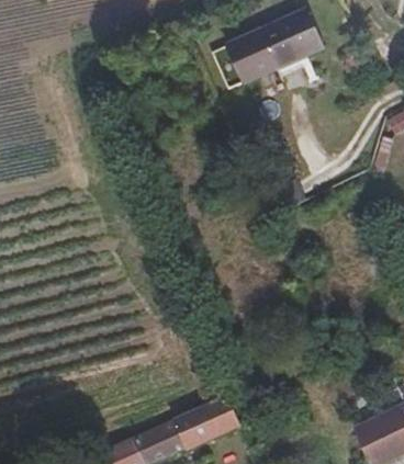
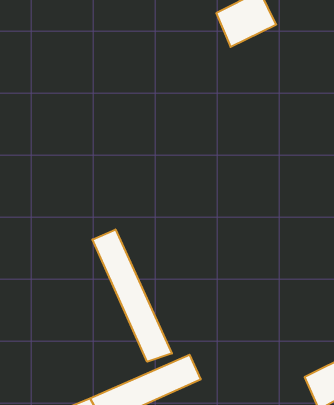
building: [215,31,274,88] -> none
building: none -> [92,229,172,362]

